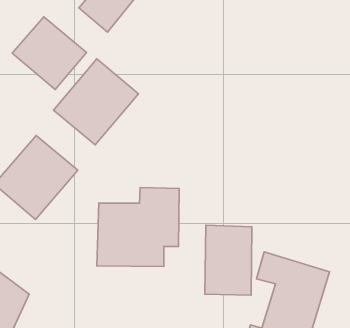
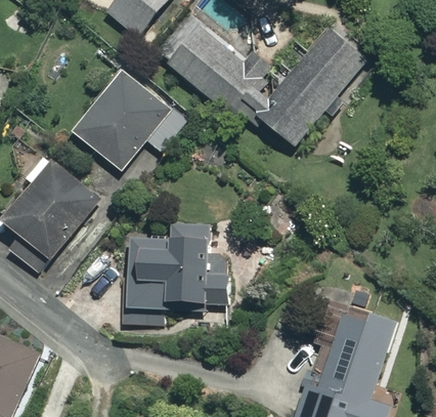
building: none -> [160,16,369,156]
building: [12,17,86,89] -> none
building: [205,225,252,295] -> none

